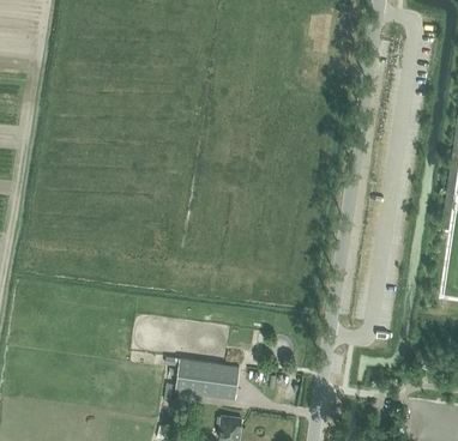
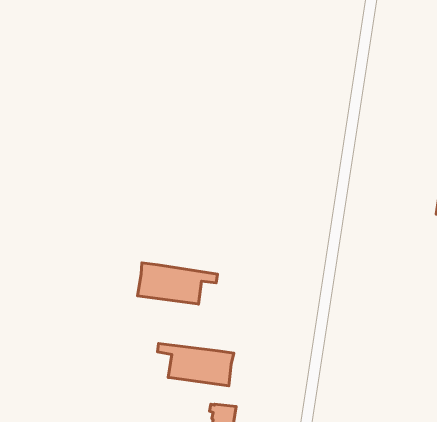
building: none -> [137,263,217,304]

